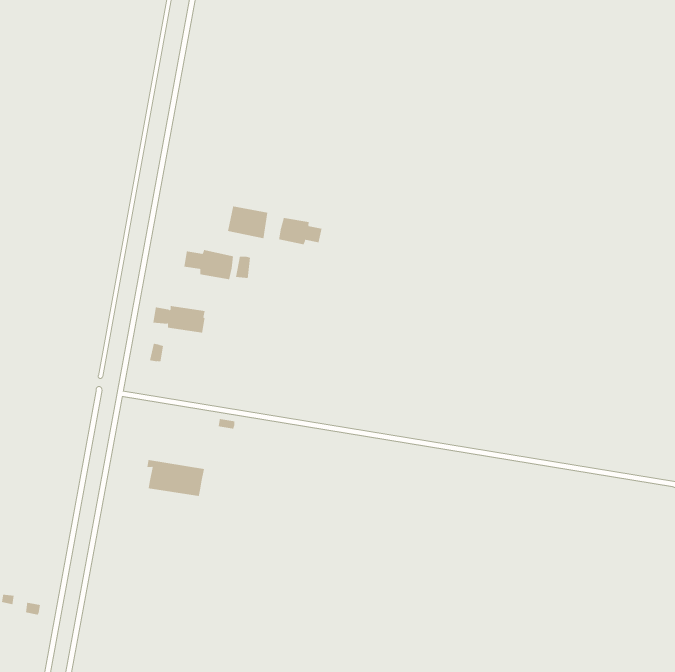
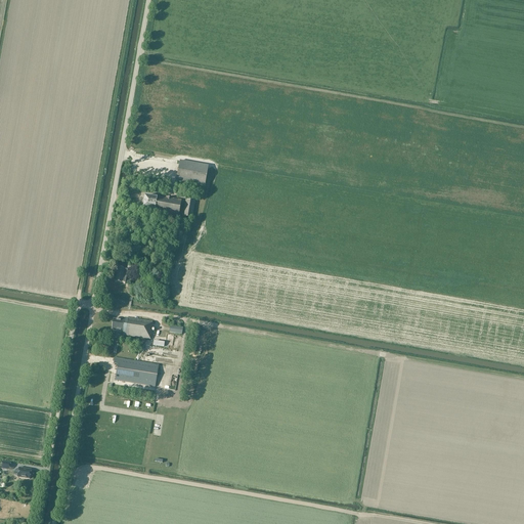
building: [279,217,322,245] -> none
building: [153,306,205,333] -> [112,316,152,338]

